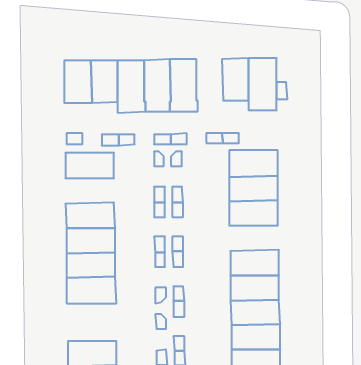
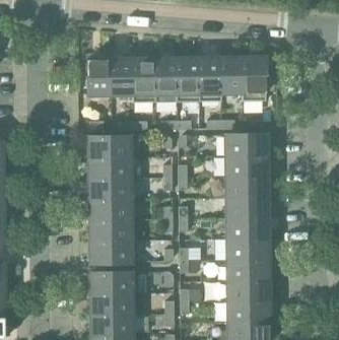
building: none -> [199,58,221,92]
building: none -> [89,157,130,179]
building: none -> [226,197,268,218]
building: none -> [91,272,132,293]

